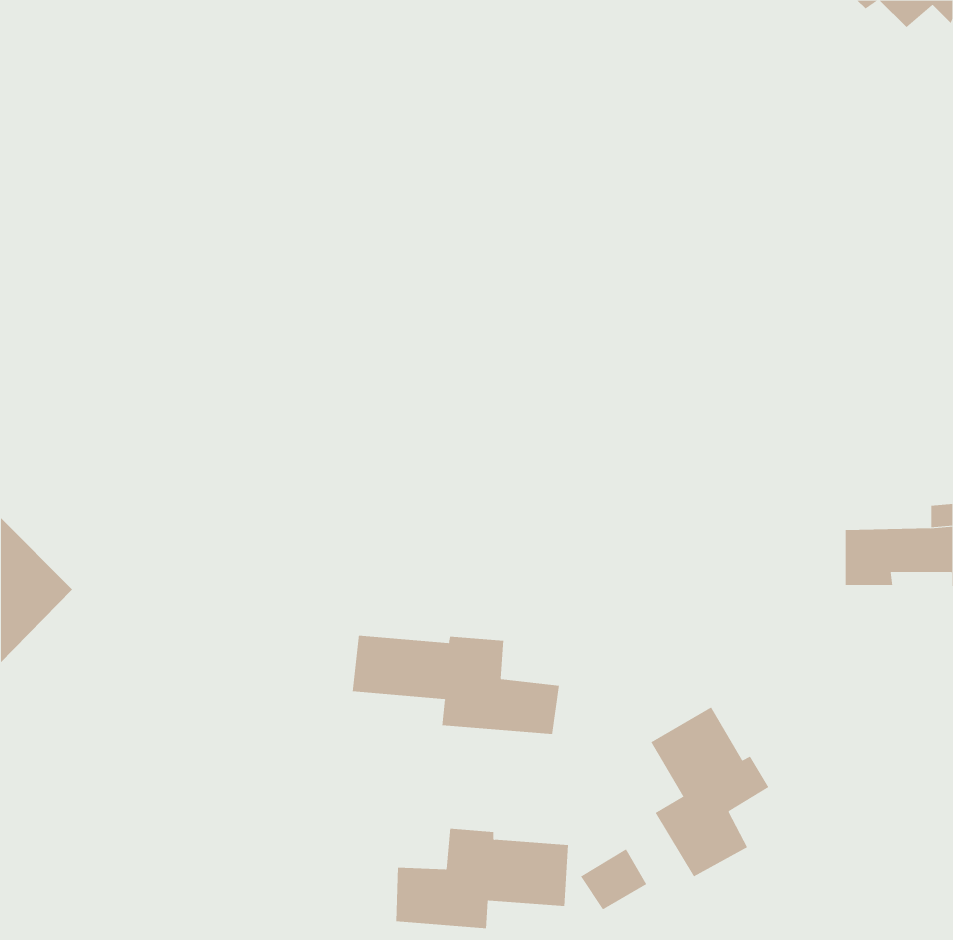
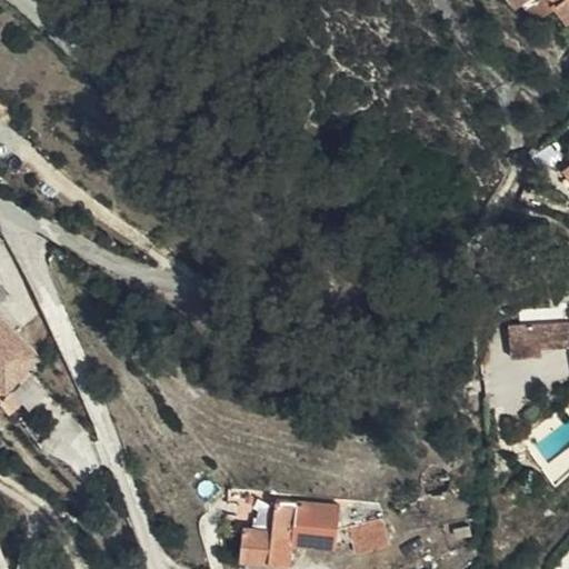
building: [352,635,560,735] -> none
building: [651,707,769,877] -> none

